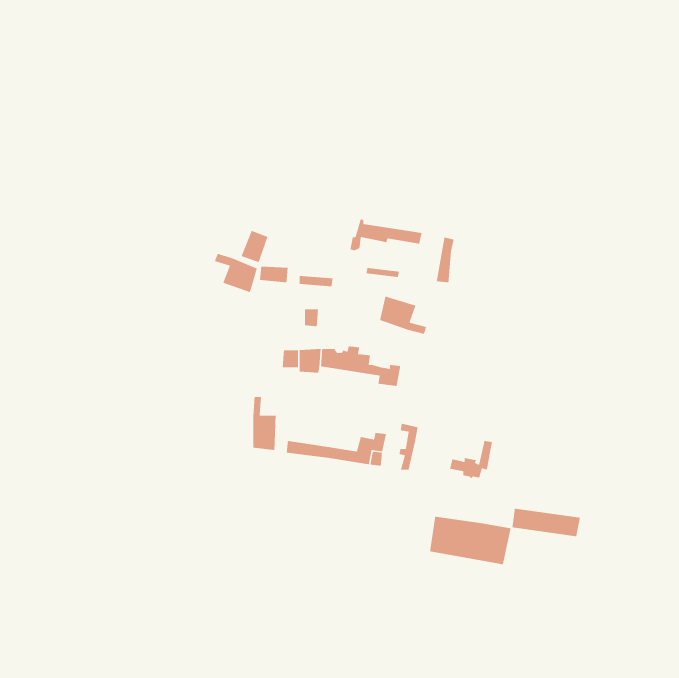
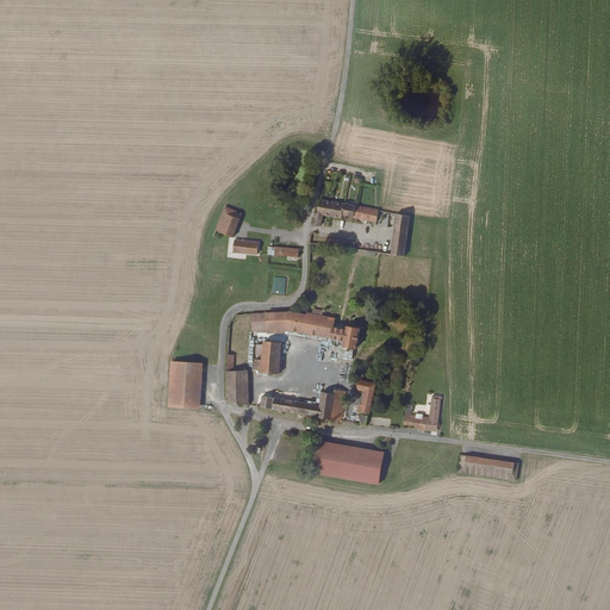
building: [214,253,258,293] -> none
building: [379,296,427,335] -> none
building: none -> [255,341,284,373]
building: none -> [168,361,203,409]
building: [429,516,512,565] -> [311,440,385,484]

